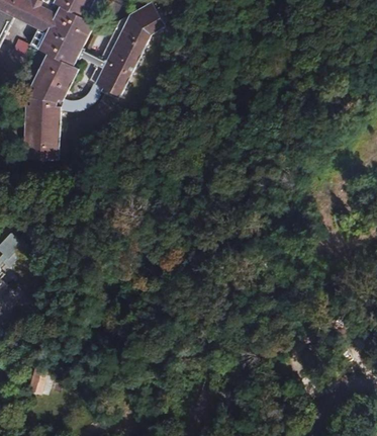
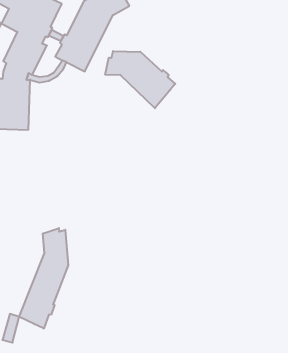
building: none -> [105,51,175,108]
building: none -> [19,228,68,329]

